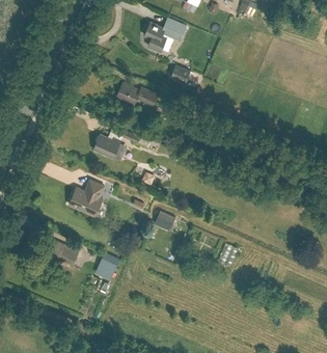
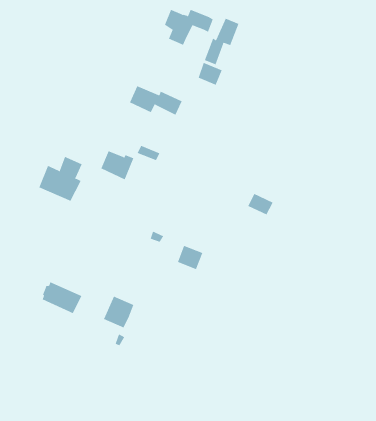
building: none -> [204,18,239,65]
building: [69,179,104,215] -> [38,156,83,202]

